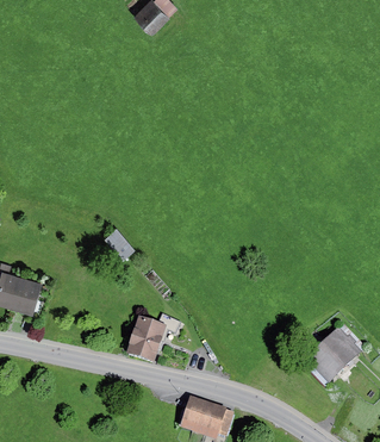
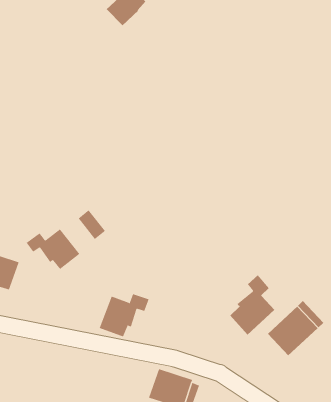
building: none -> [26,228,80,270]
building: none -> [229,275,275,335]

